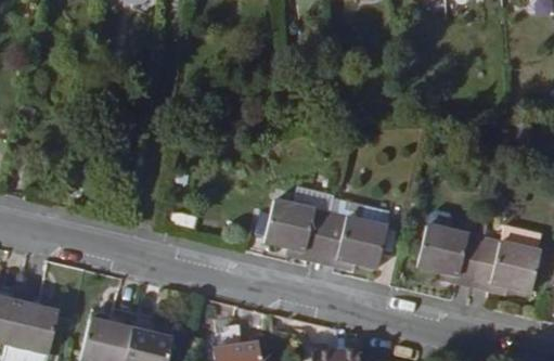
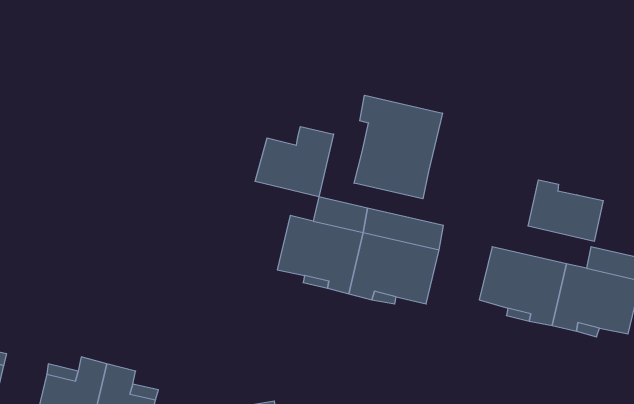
building: none -> [354,95,442,199]
building: none -> [255,127,334,197]
building: none -> [528,180,603,241]

